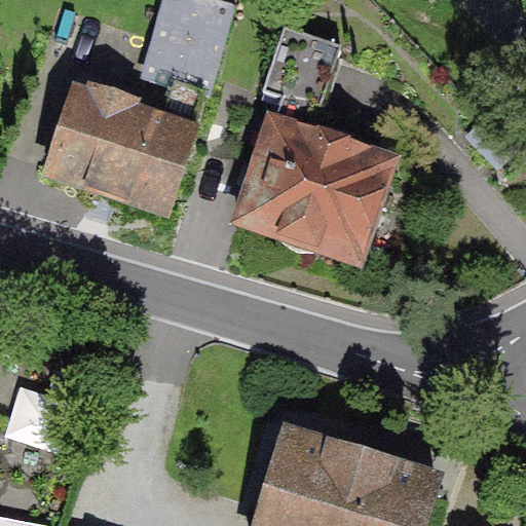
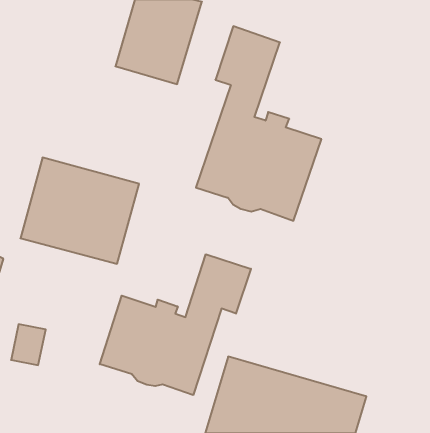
building: [43,72,187,200] -> [20,158,139,264]
building: none -> [100,254,251,395]

